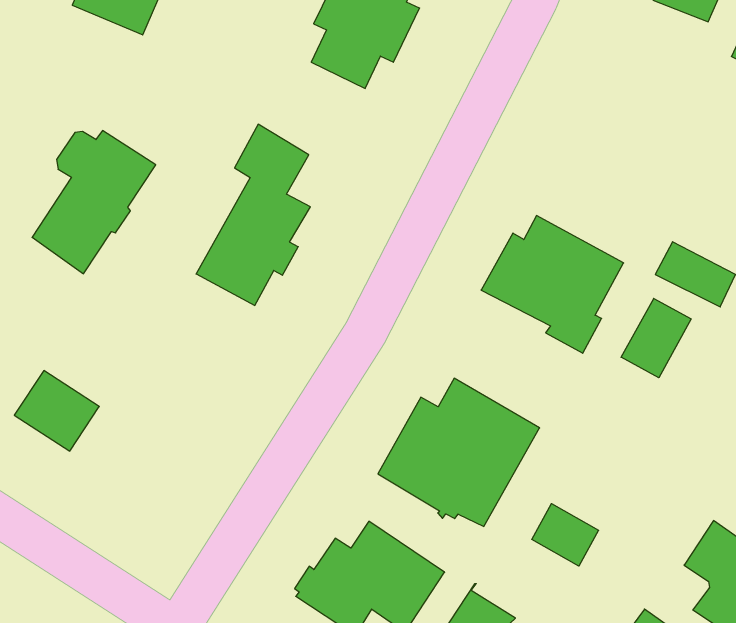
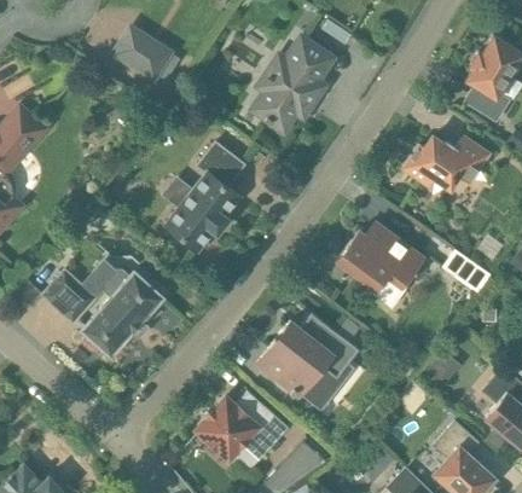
building: none -> [405,135,488,188]
building: [32,131,156,274] -> [82,269,163,355]
building: [621,298,691,378] -> none
building: [532,504,599,566] -> none

